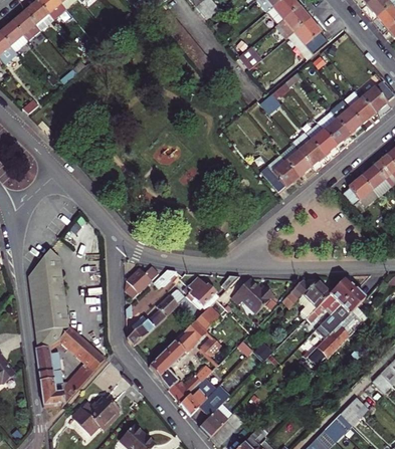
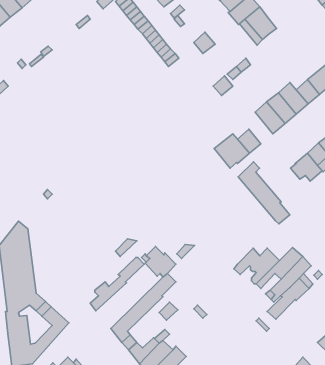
building: [291,132,324,166] -> none
building: none -> [238,162,290,224]
building: [125,265,159,296] -> none
building: [231,277,273,312] -> none

